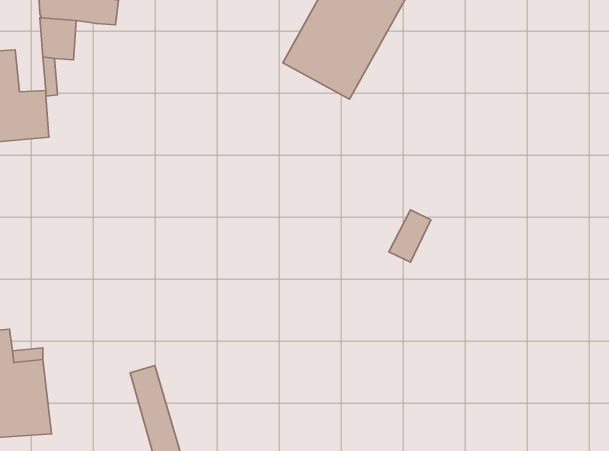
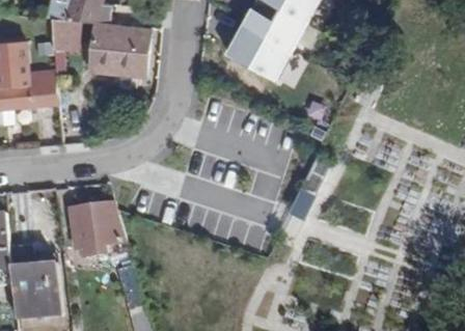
building: none -> [90,23,149,76]
building: none -> [69,199,126,256]

